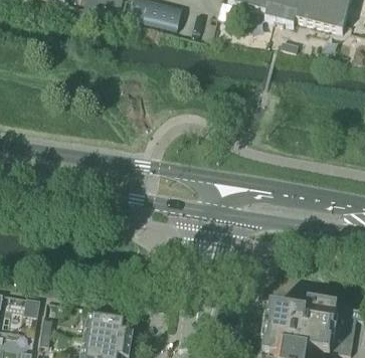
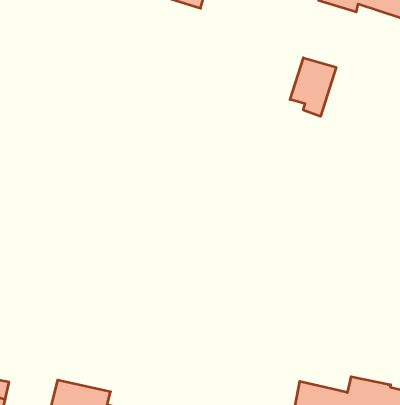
building: none -> [290,58,336,116]

